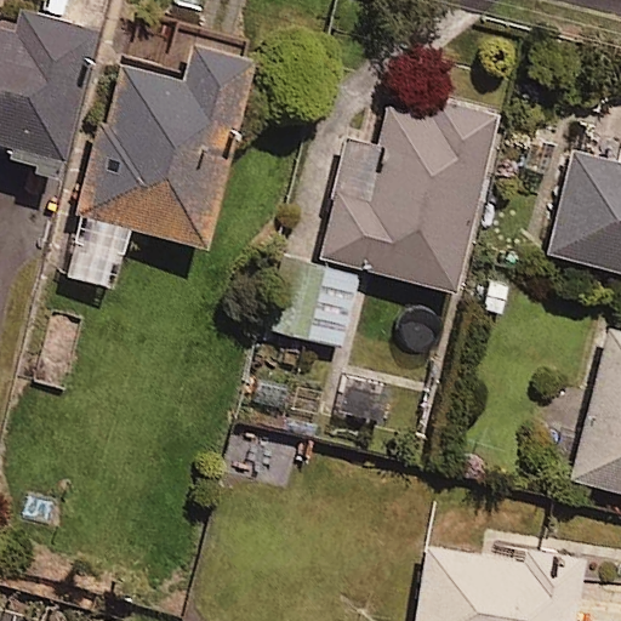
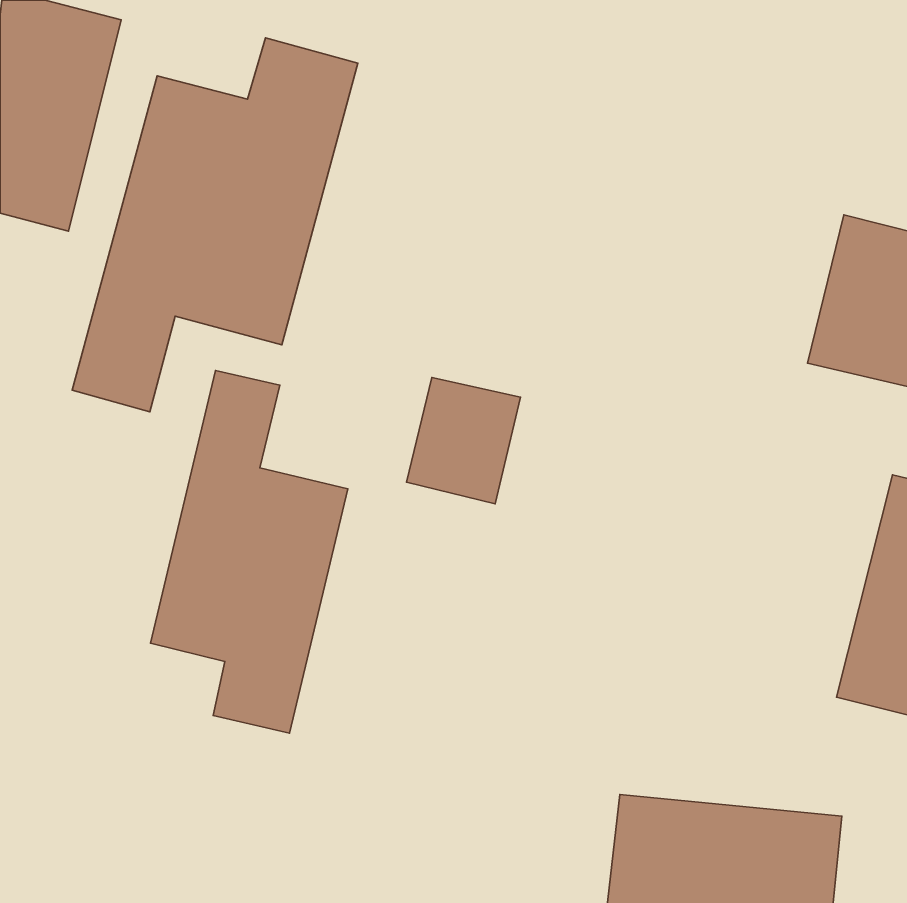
building: [321,95,495,290] -> none
building: none -> [151,370,348,733]

